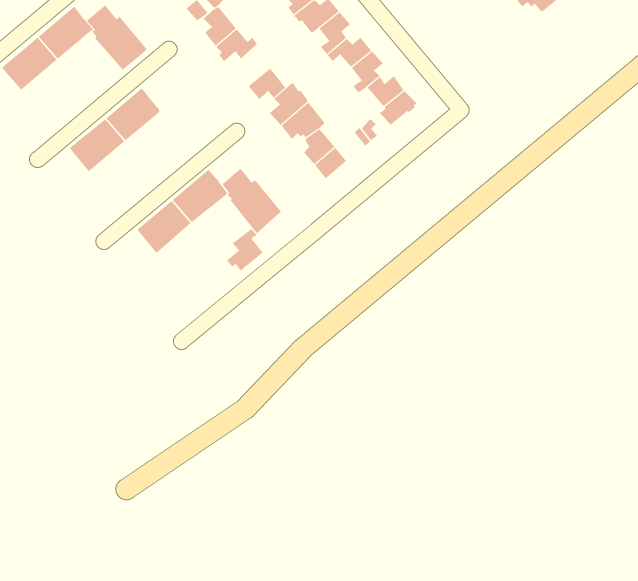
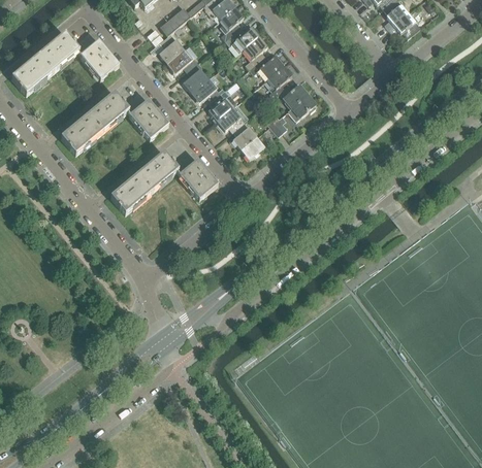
building: none -> [181,60,207,91]
building: none -> [121,91,166,139]
building: [226,228,263,272] -> none

